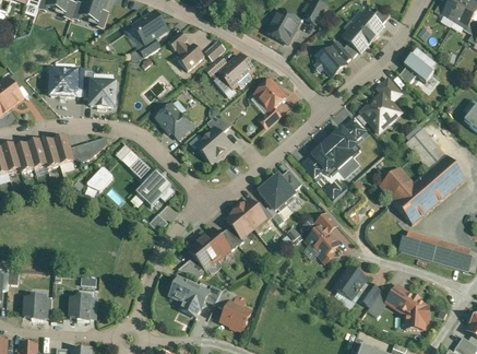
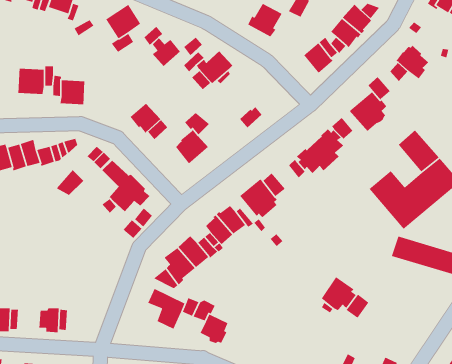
building: [257,80,285,110] -> none
building: [306,212,337,262] -> none
building: [386,285,428,329] -> none

